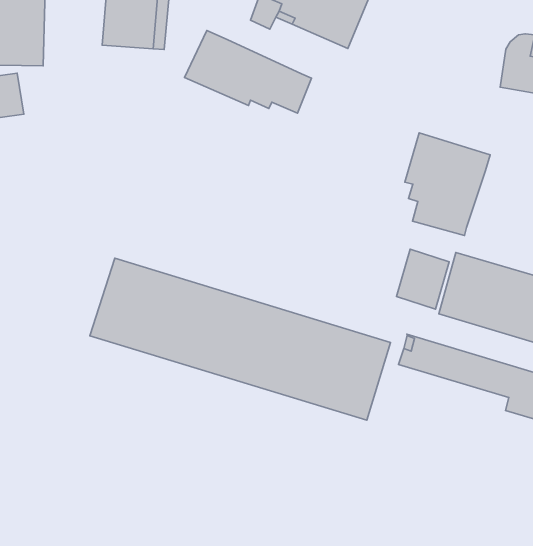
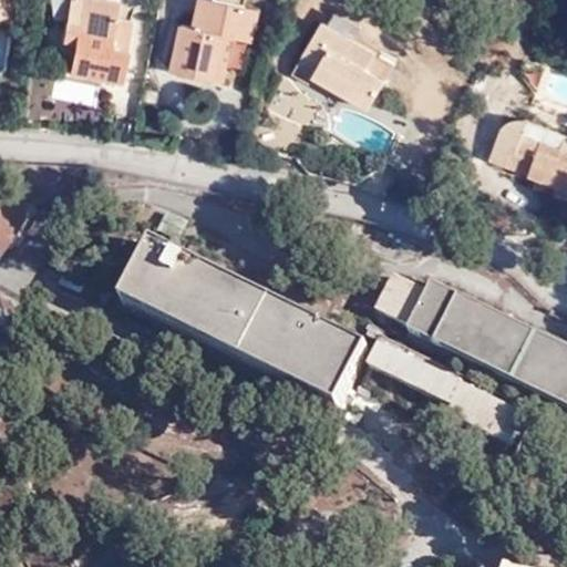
building: [184,31,312,113] -> none
building: [405,133,490,235] -> none

